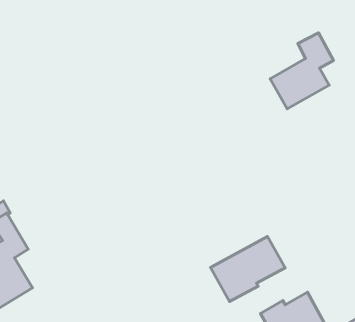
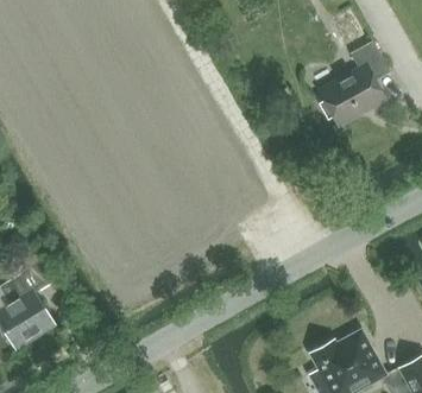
building: [211,236,285,302] -> none

